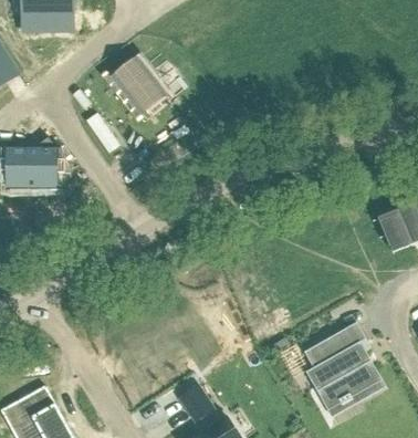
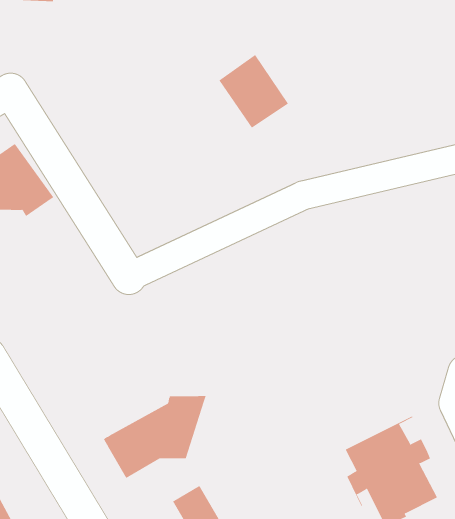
building: [111,56,164,112] -> [218,54,289,128]
building: none -> [103,395,206,479]

